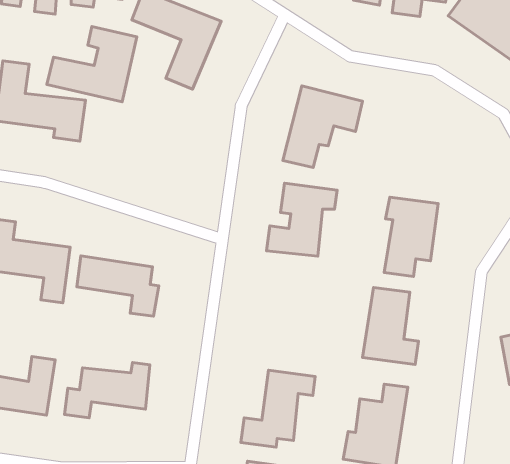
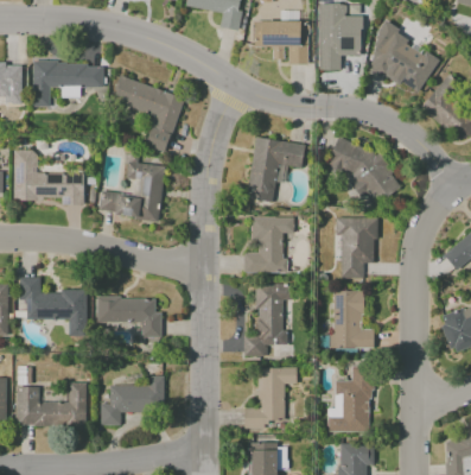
building: [47,26,137,102] -> [98,163,165,220]
building: none -> [327,137,402,205]
building: none -> [243,284,289,356]

